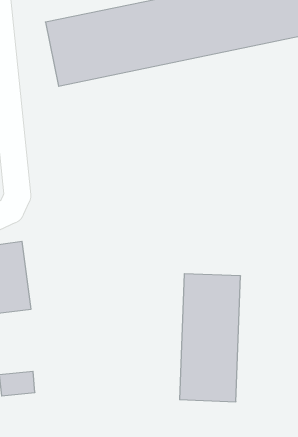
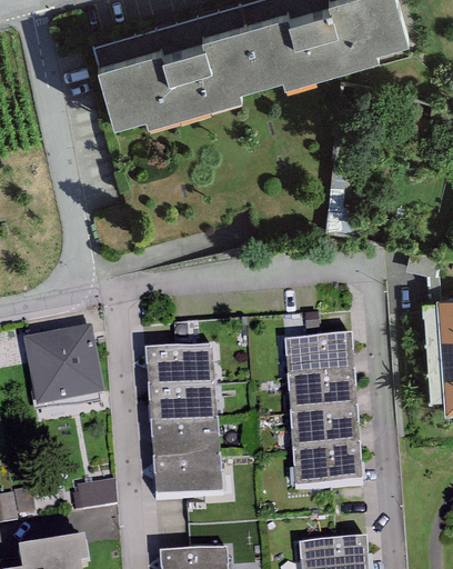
building: none -> [145,349,222,503]

